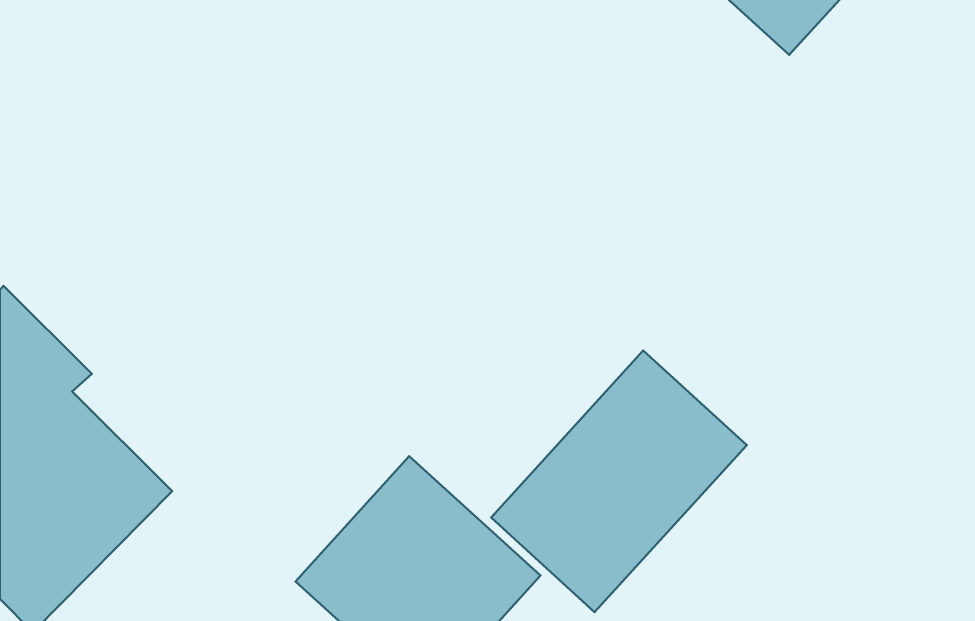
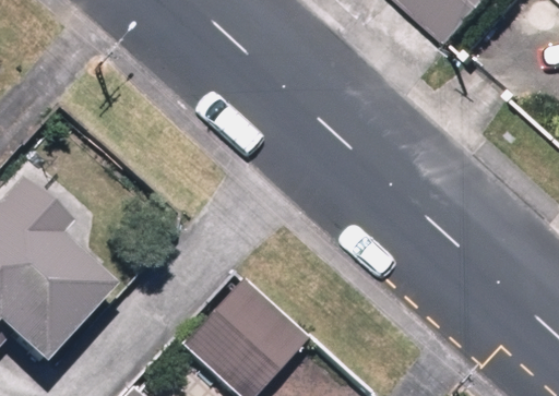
building: [491,350,747,612] -> none

